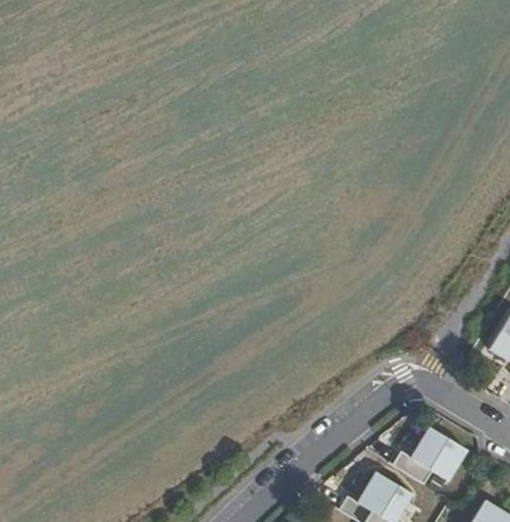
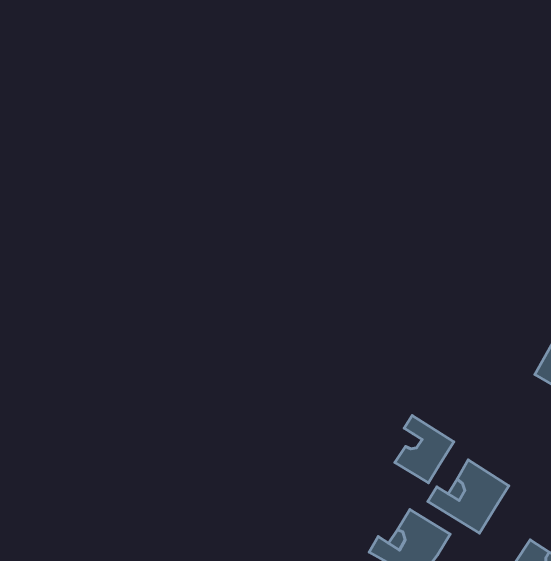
building: none -> [395,415,454,483]

